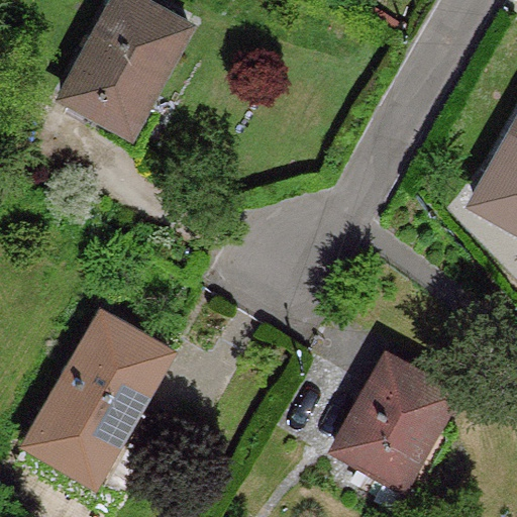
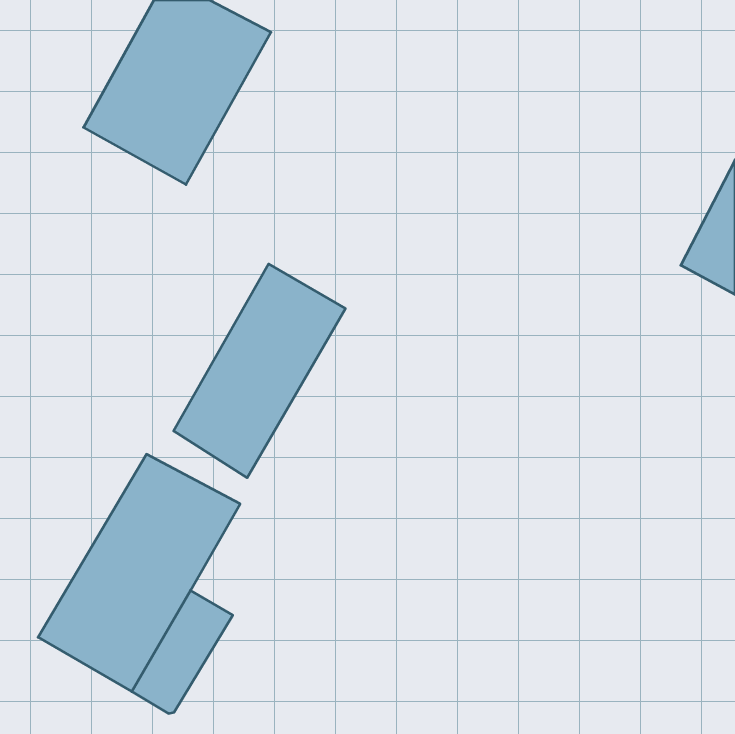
building: none -> [174,264,345,478]
building: [334,355,450,482] -> none

